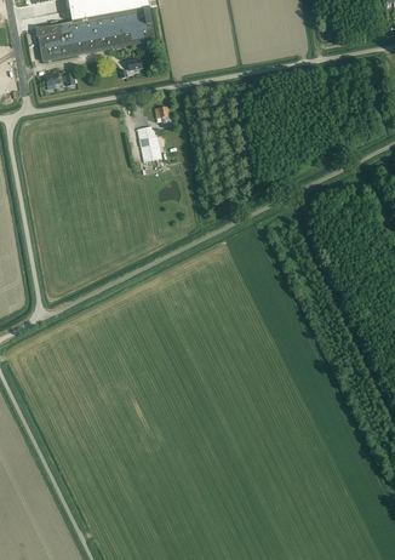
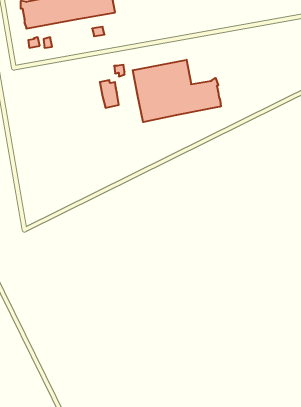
building: none -> [133,60,221,122]

